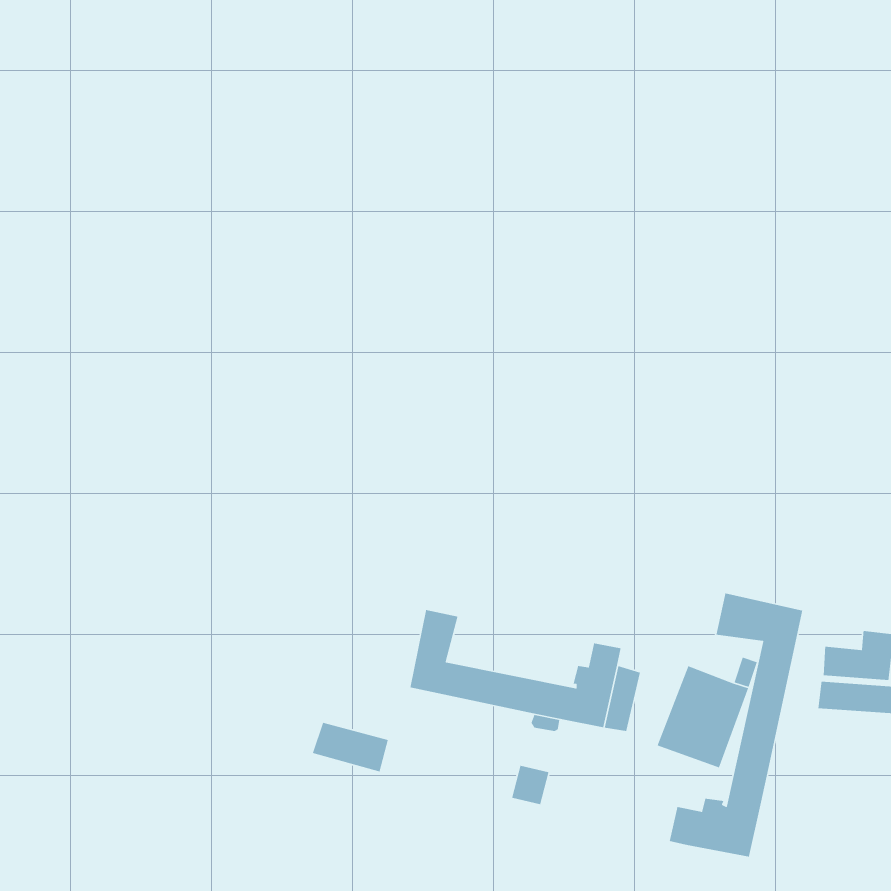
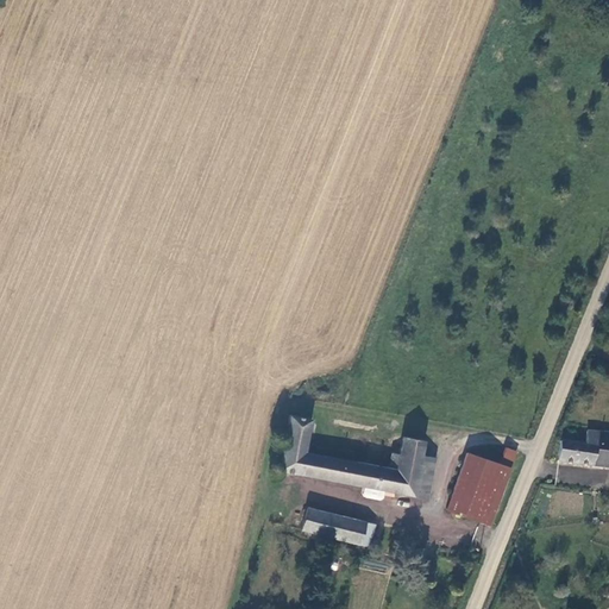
building: [669,593,803,858] -> none
building: [312,722,389,773] -> [303,508,356,542]

